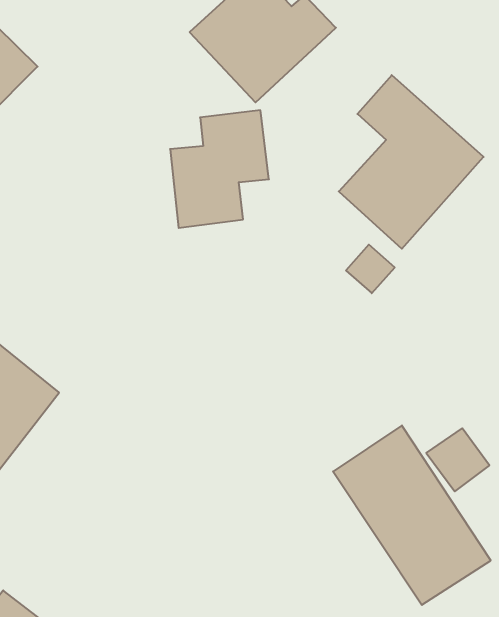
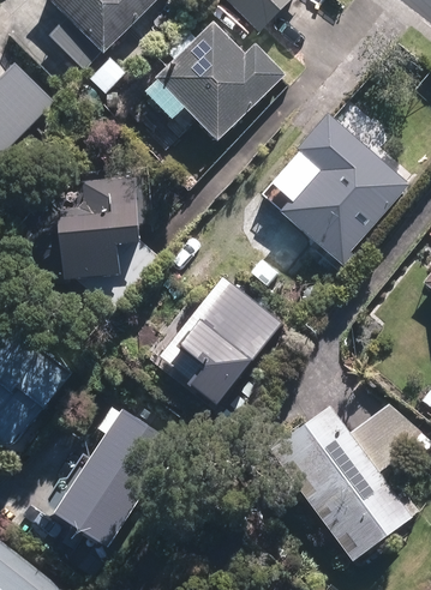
building: [170,110,269,228] -> [46,187,128,285]
building: none -> [172,287,270,407]
building: none -> [52,419,161,547]

